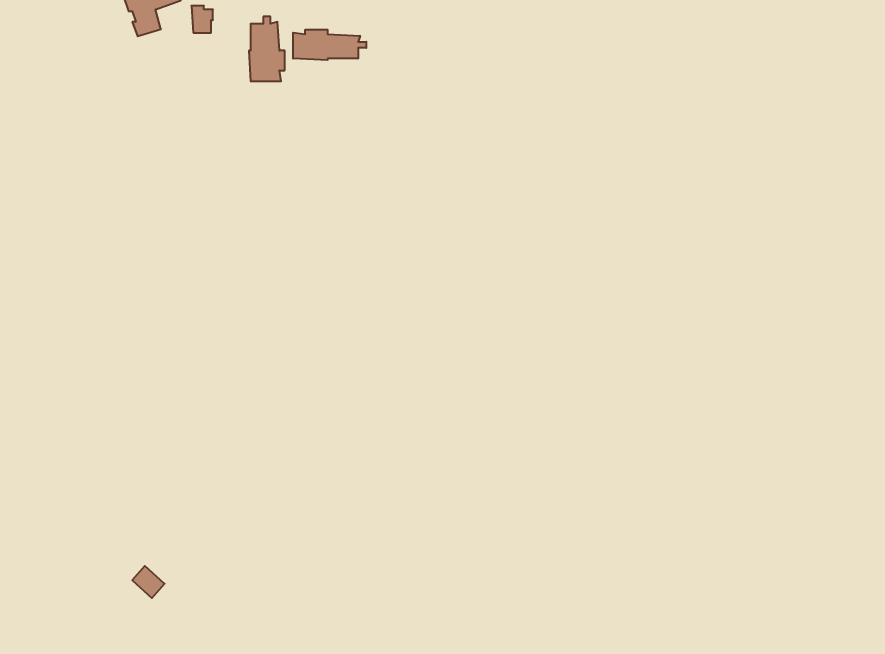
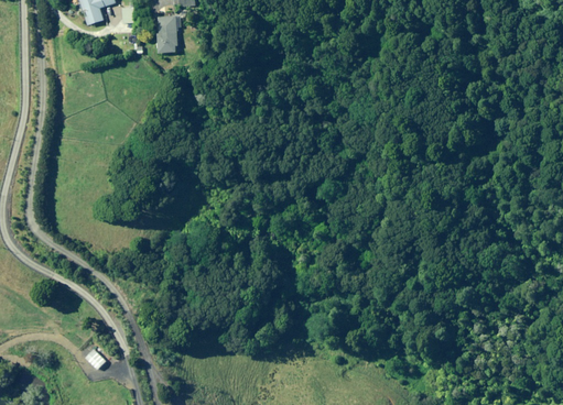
building: [293,30,366,60] -> none

